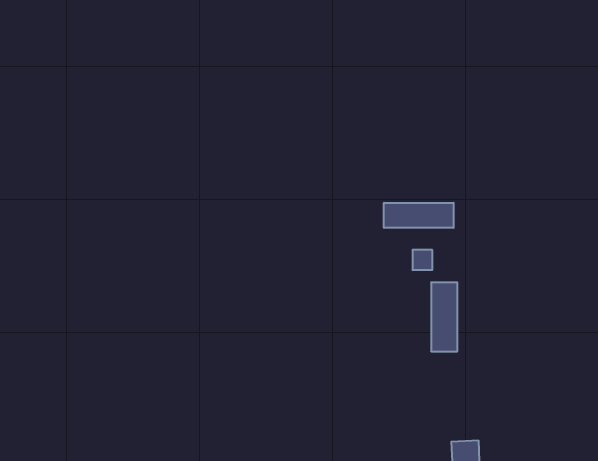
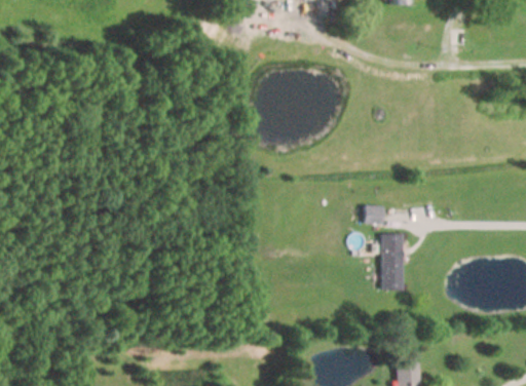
building: [384,203,454,228] -> none

